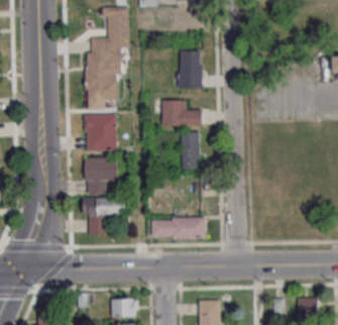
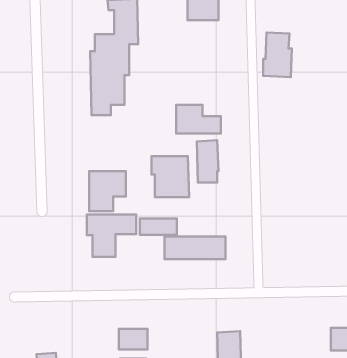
building: [177,50,202,90] -> [263,32,292,77]
building: [83,115,116,151] -> [151,156,189,197]
building: none -> [140,218,177,235]

